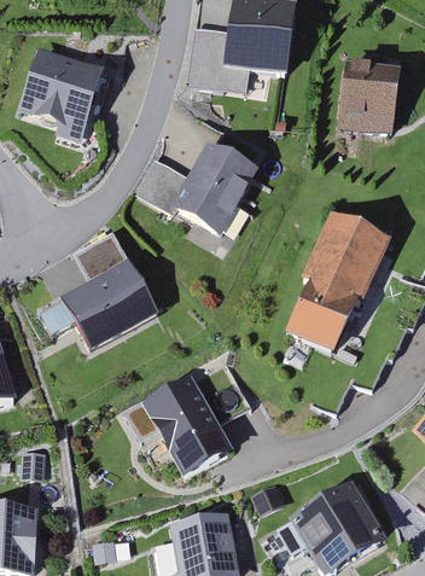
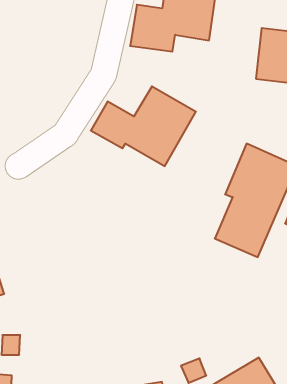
building: [22,46,107,132] -> none
building: [63,228,157,343] -> none
building: [122,377,227,478] -> none

